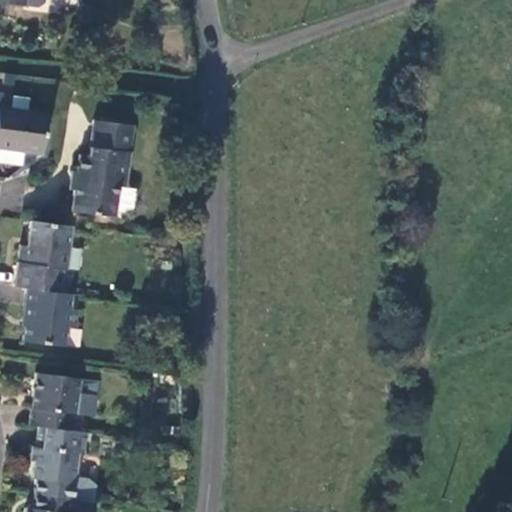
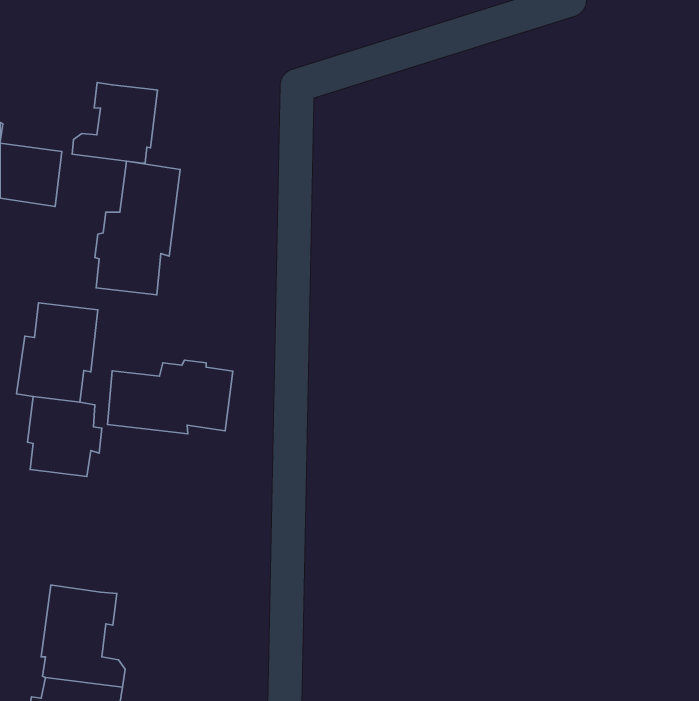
building: none -> [72,82,157,163]
building: none -> [107,360,233,434]
building: [30,374,95,432] -> none

